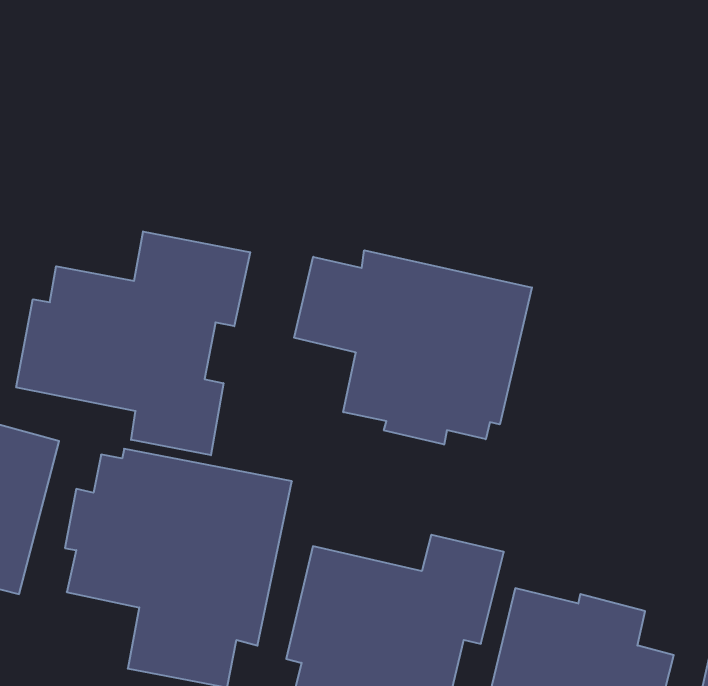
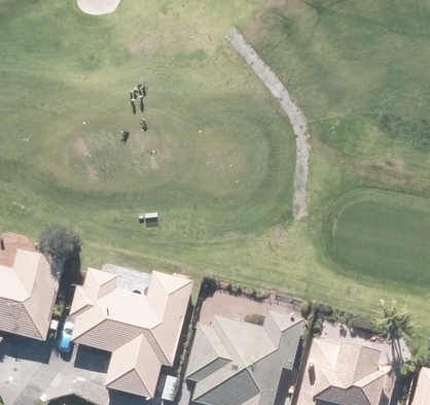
building: [16,231,250,455] -> none
building: [294,250,532,445] -> none

